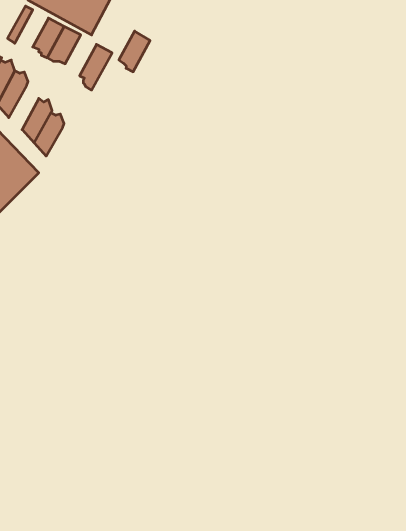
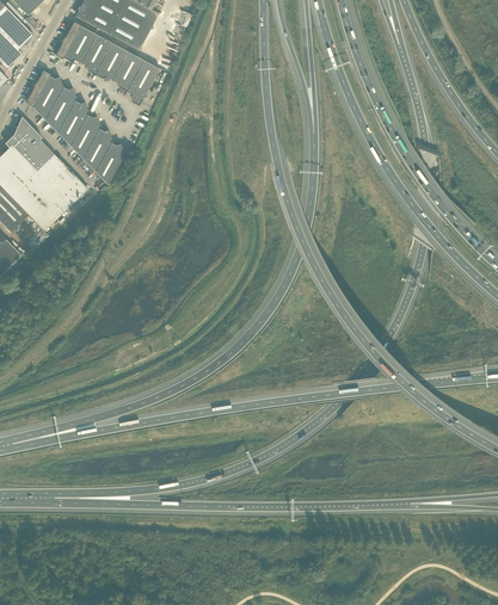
building: none -> [64,25,97,62]
building: [119,31,150,72] -> [113,50,145,91]
building: none -> [57,100,88,144]
building: none -> [94,142,124,184]

